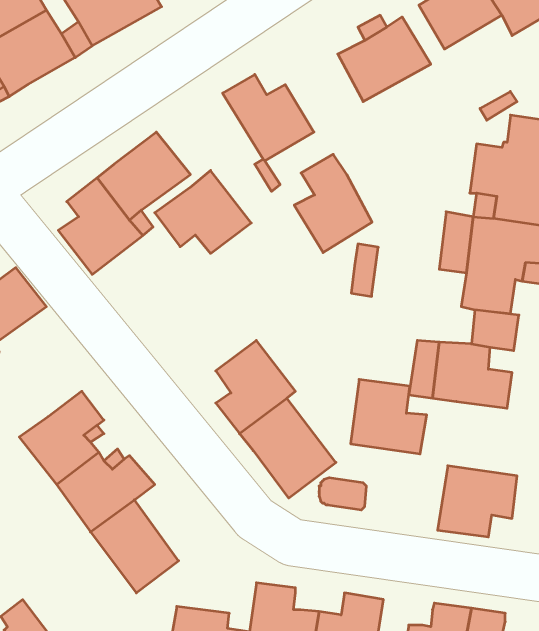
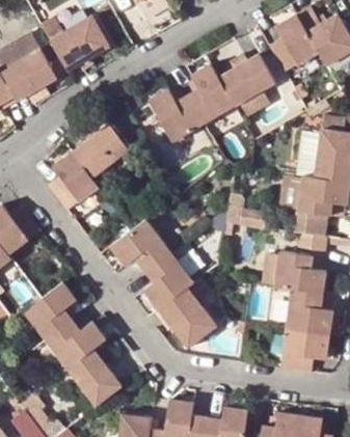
building: [294,154,372,253] -> [187,63,235,124]
building: [155,170,251,253] -> [110,219,169,270]
building: [351,379,427,454] -> [287,289,333,334]

